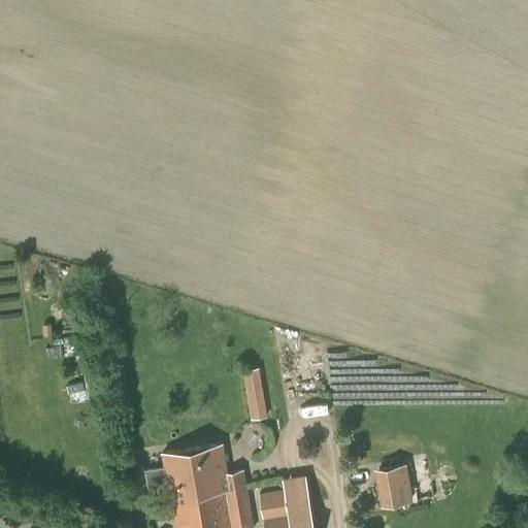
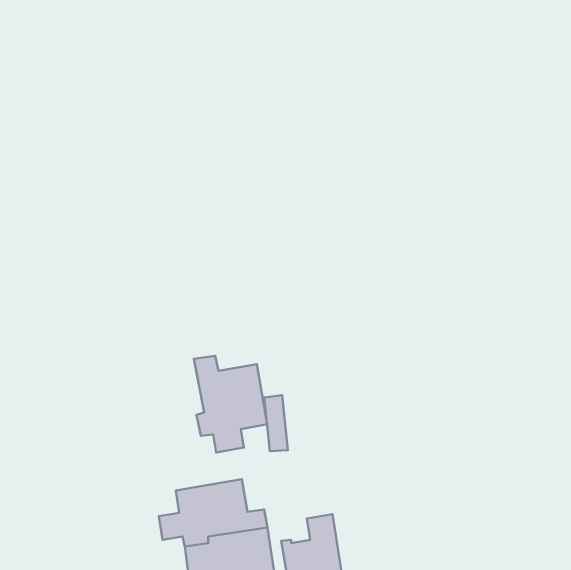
building: none -> [194,356,267,453]
building: [373,464,411,510] -> none

